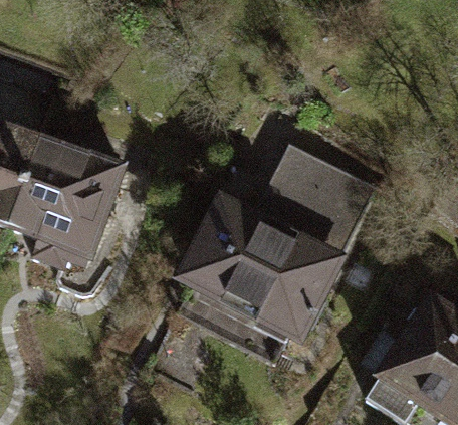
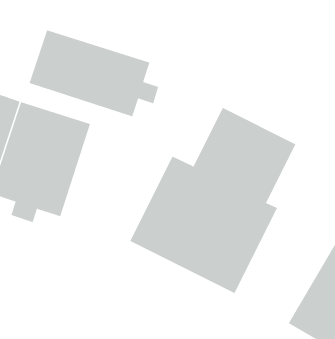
building: none -> [29,30,159,117]

